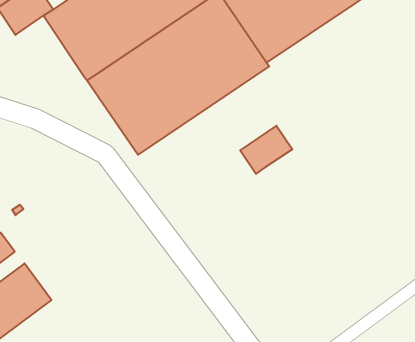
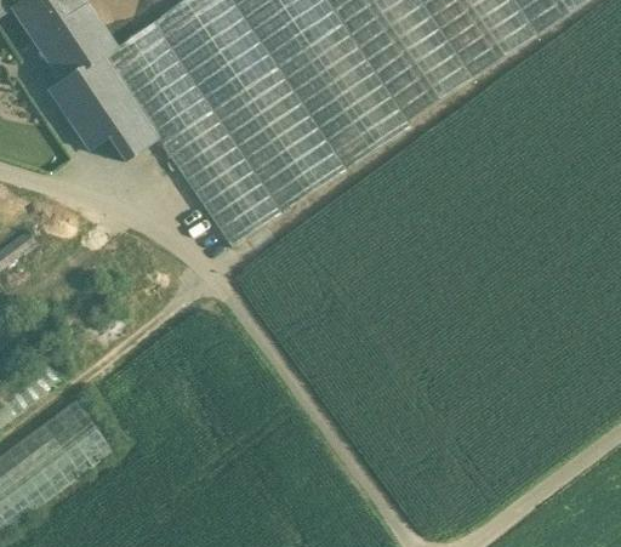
building: none -> [44,51,153,155]
building: [240,126,292,174] -> none

